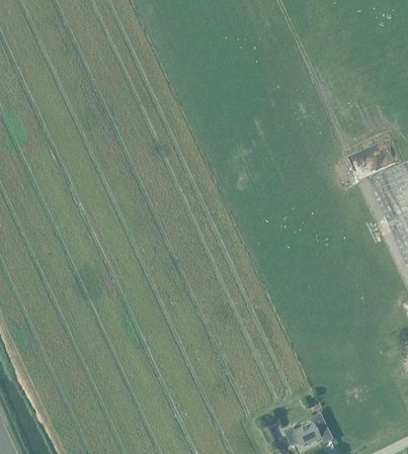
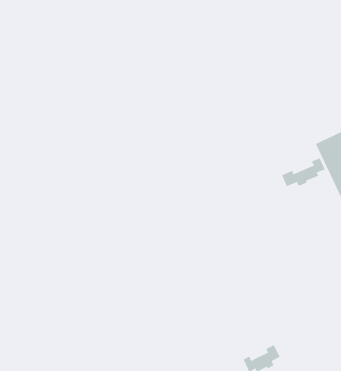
building: none -> [281,157,325,187]

